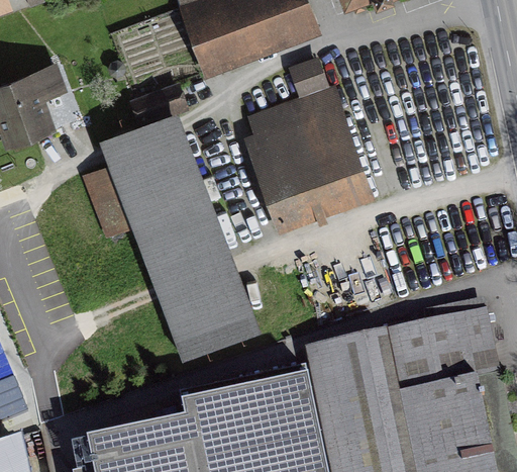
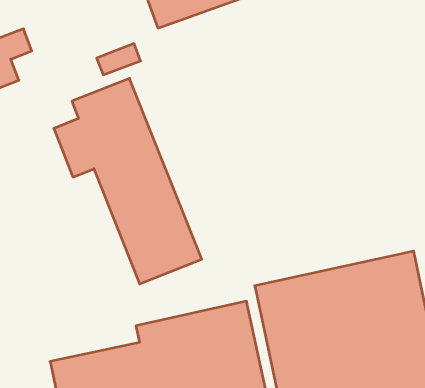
building: [245,60,365,223] -> none

